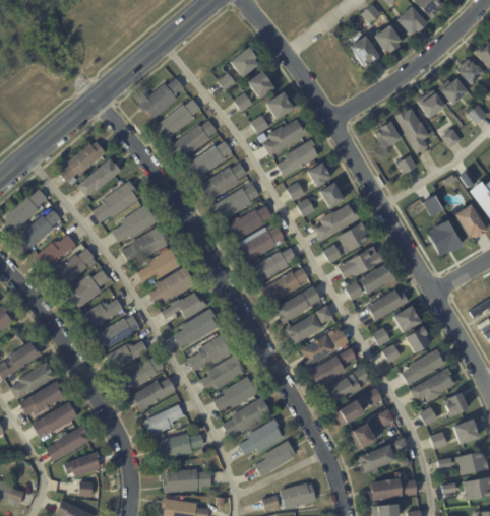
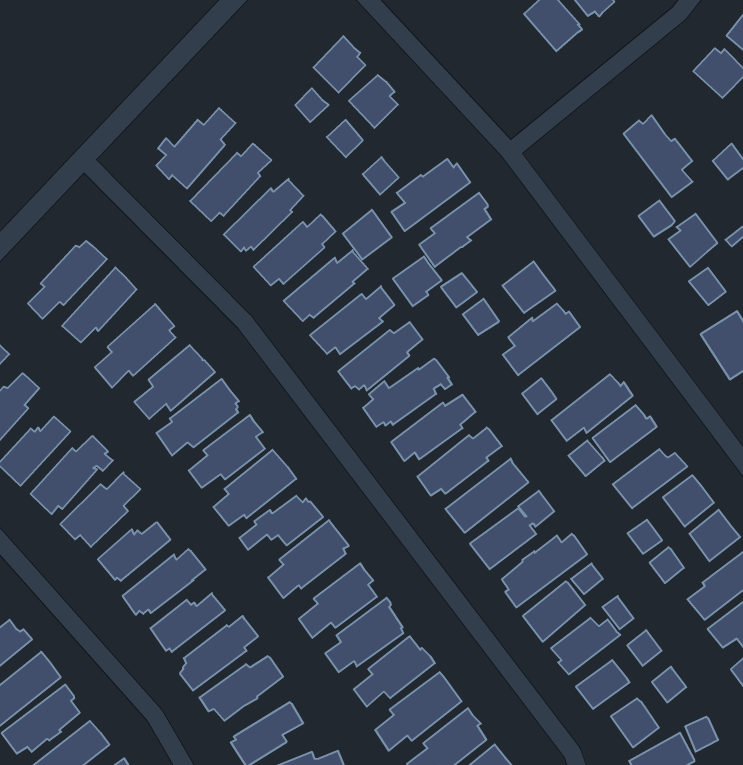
building: [415,88,443,117] -> none
building: [266,91,293,118] -> [343,210,392,259]
building: [374,121,401,149] -> [668,214,717,267]
building: [307,160,333,187] -> [393,256,442,306]
building: [338,221,370,253] -> none

